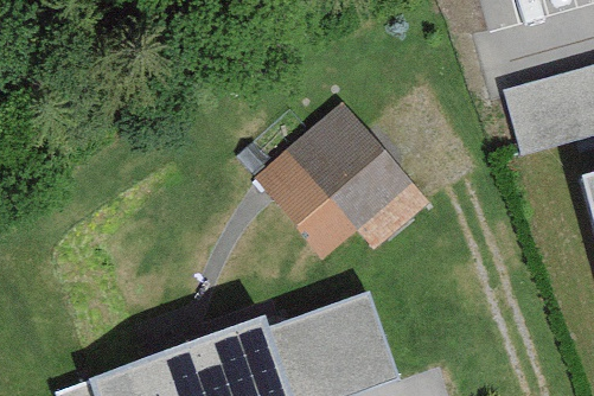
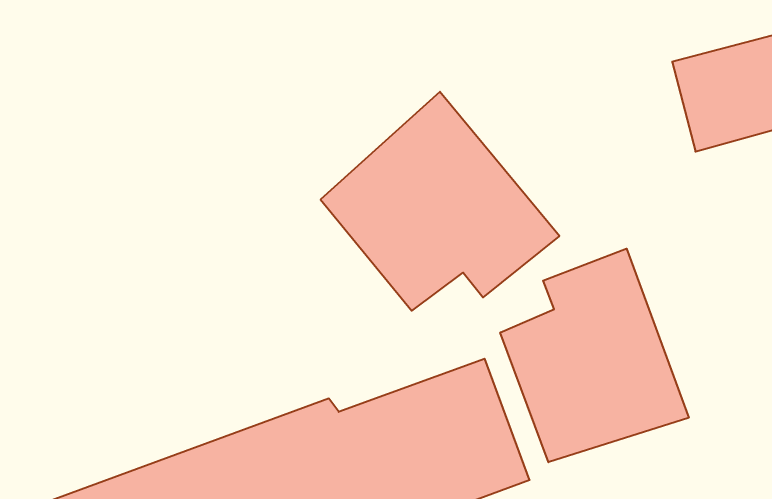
building: none -> [500,249,689,462]

